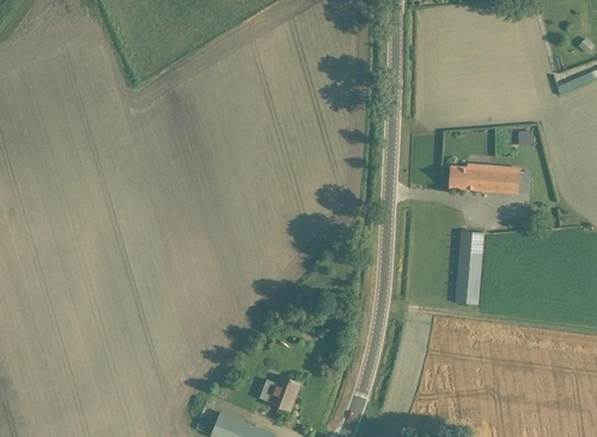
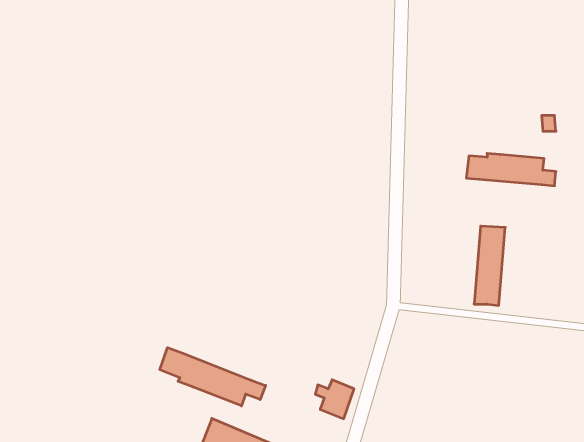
building: none -> [160,348,266,406]
building: [263,375,299,411] -> [315,380,354,419]

